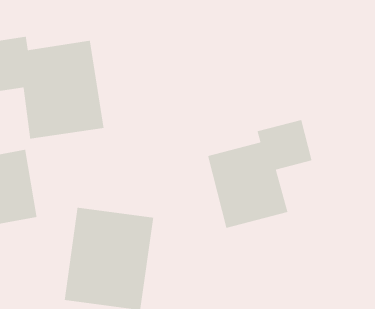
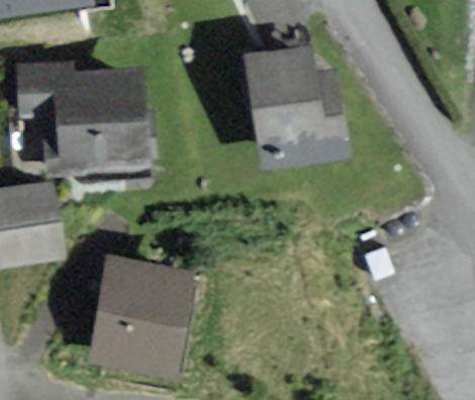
building: none -> [245,43,351,168]
building: [207,119,312,229] -> none

